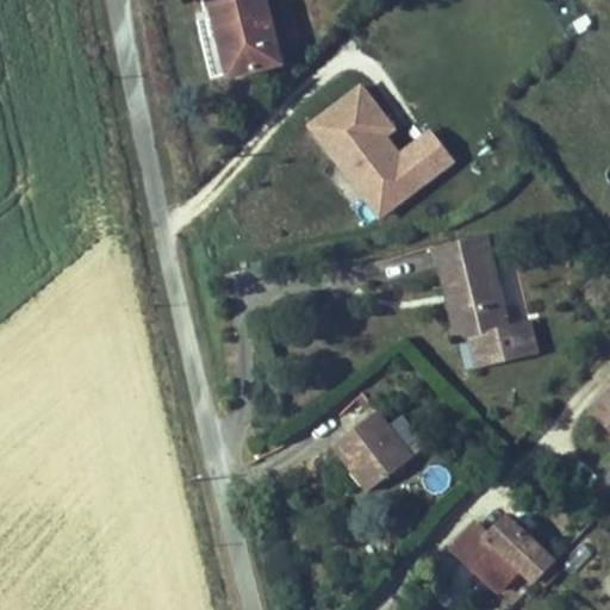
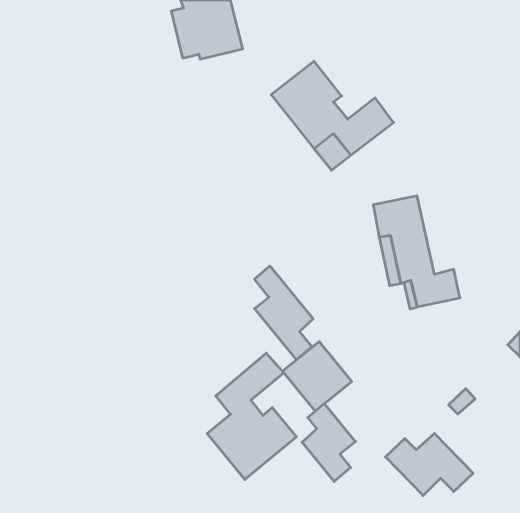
building: none -> [254,266,313,360]
building: none -> [207,353,296,480]
building: none -> [302,404,356,482]

